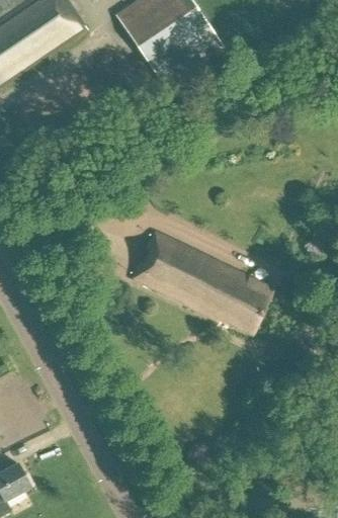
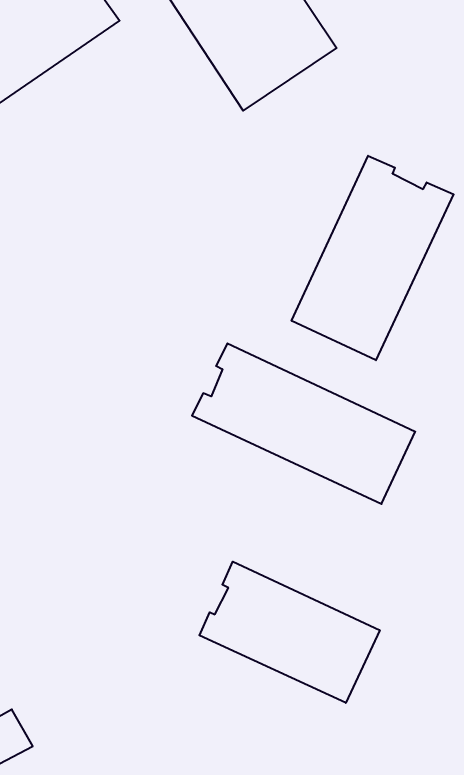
building: none -> [292,156,454,360]
building: none -> [199,562,380,703]

